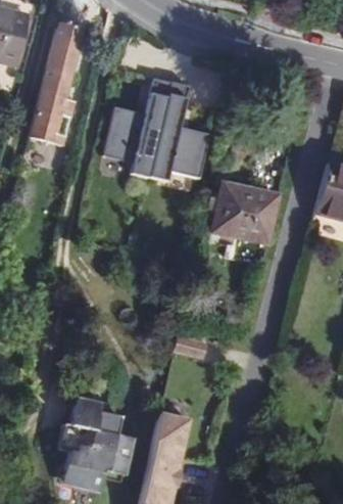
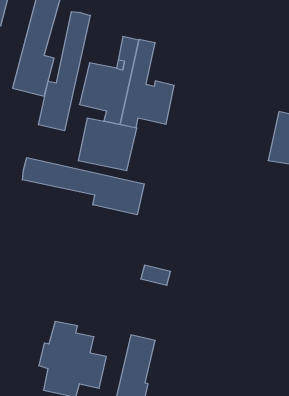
building: none -> [38,12,90,131]
building: [211,183,278,242] -> [78,118,137,171]
building: none -> [22,158,144,215]

